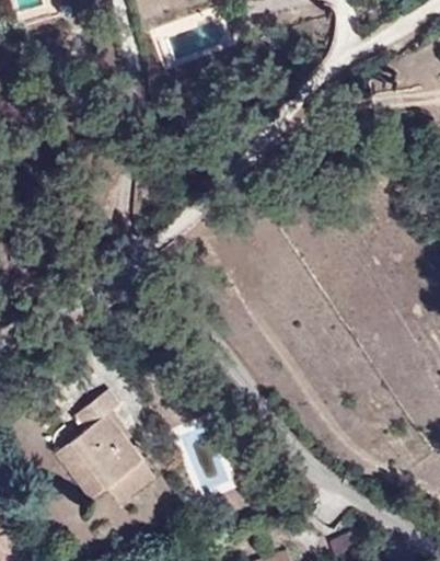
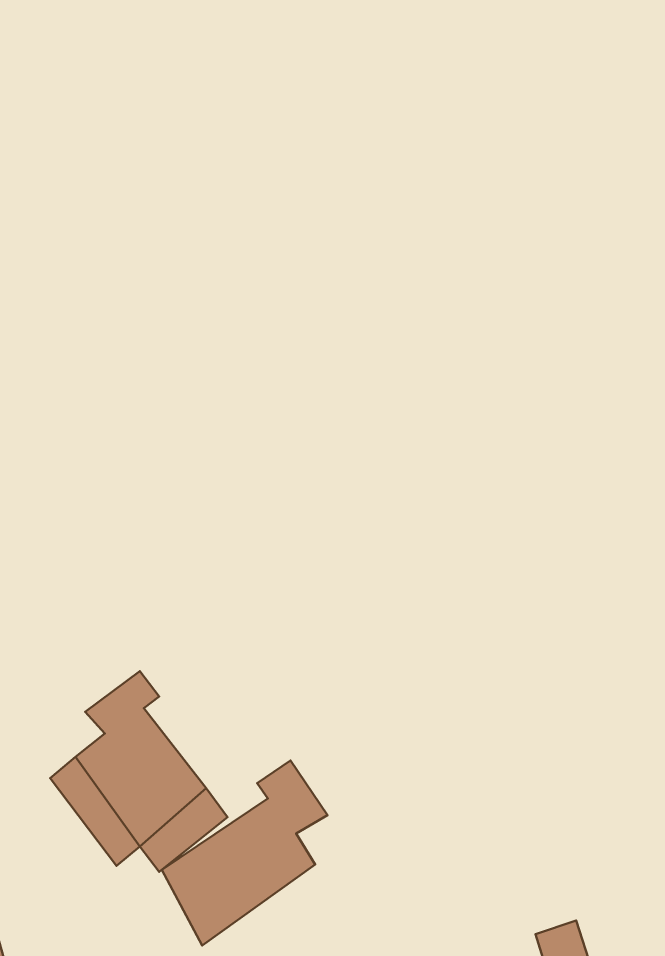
building: none -> [162,760,327,945]

